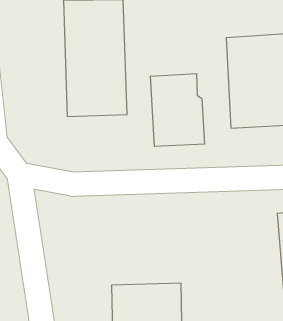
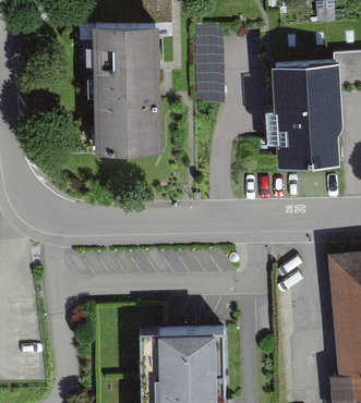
building: [151,74,204,146] -> none

